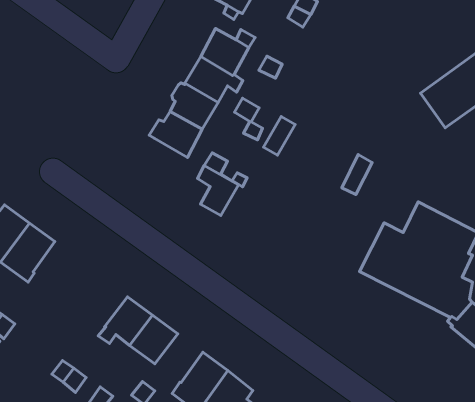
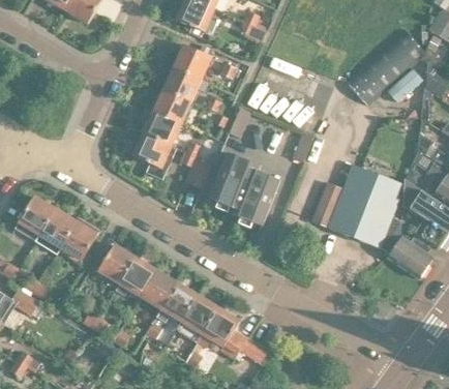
building: none -> [134,131,177,179]
building: none -> [210,152,280,226]
building: none -> [61,217,99,258]
building: none -> [99,244,136,282]
building: none -> [156,282,198,323]

